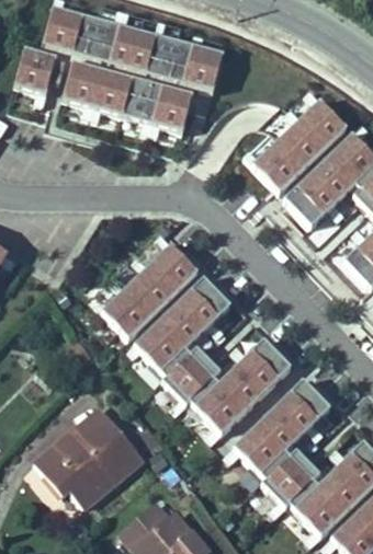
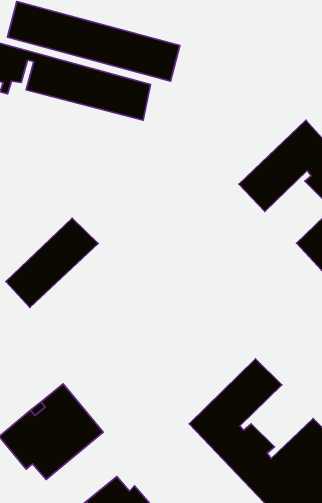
building: [245,97,347,191] -> none
building: [102,244,199,337] -> [6,218,98,308]
building: [133,276,291,434] -> none

